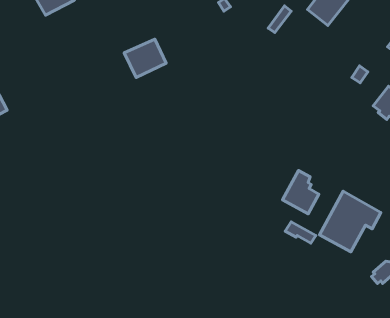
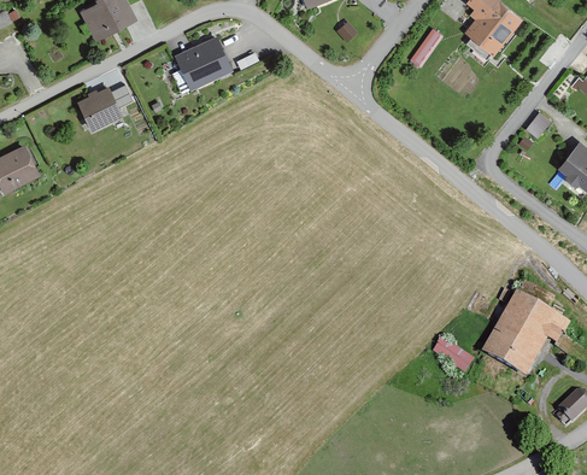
building: [124,39,166,78] -> [172,37,231,92]
building: none -> [76,86,133,134]
building: [282,170,319,214] -> none

